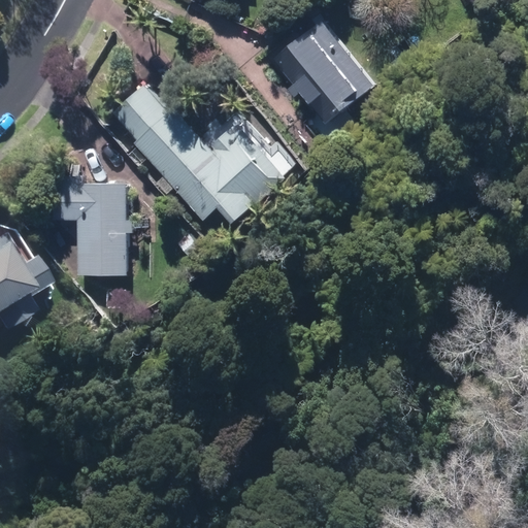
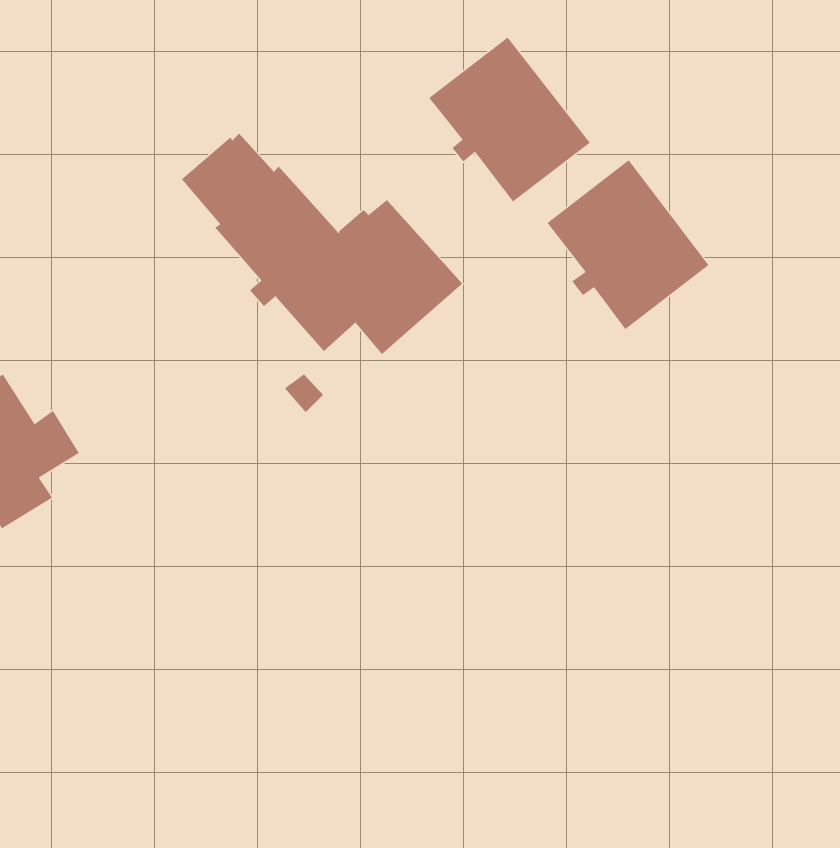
building: none -> [547,159,709,330]
building: [60,174,140,273] -> none

